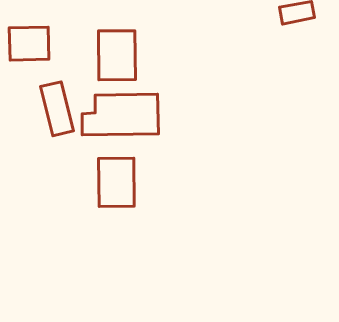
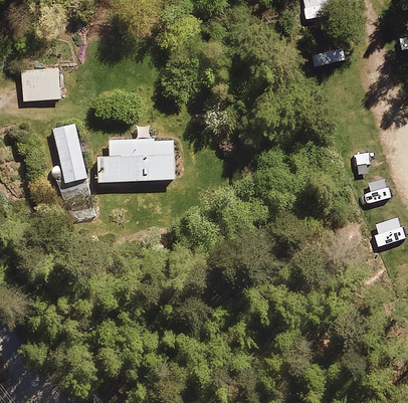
building: [98,31,135,80] -> none
building: [98,158,134,206] -> none

